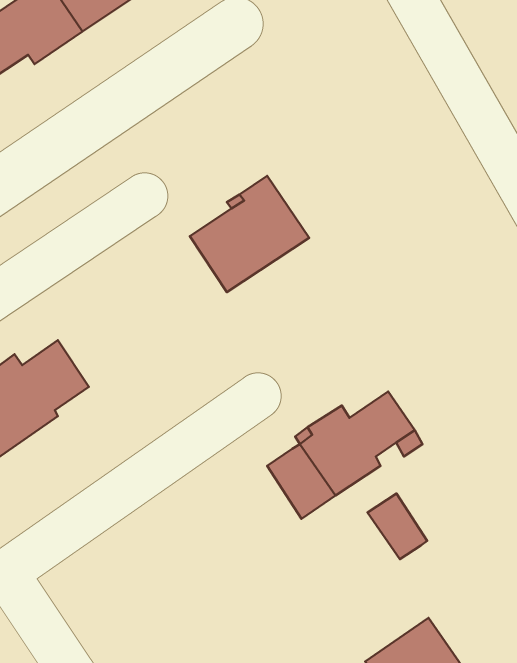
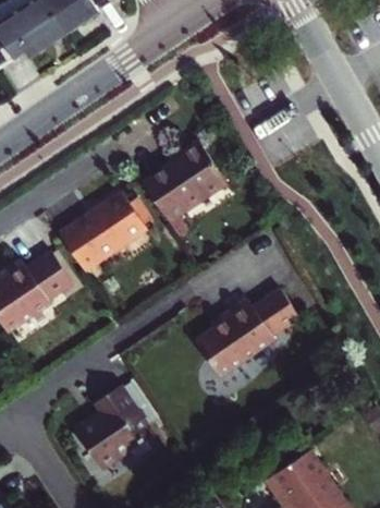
building: none -> [57,192,145,270]
building: [368,493,427,559] -> none
building: none -> [76,384,160,467]

